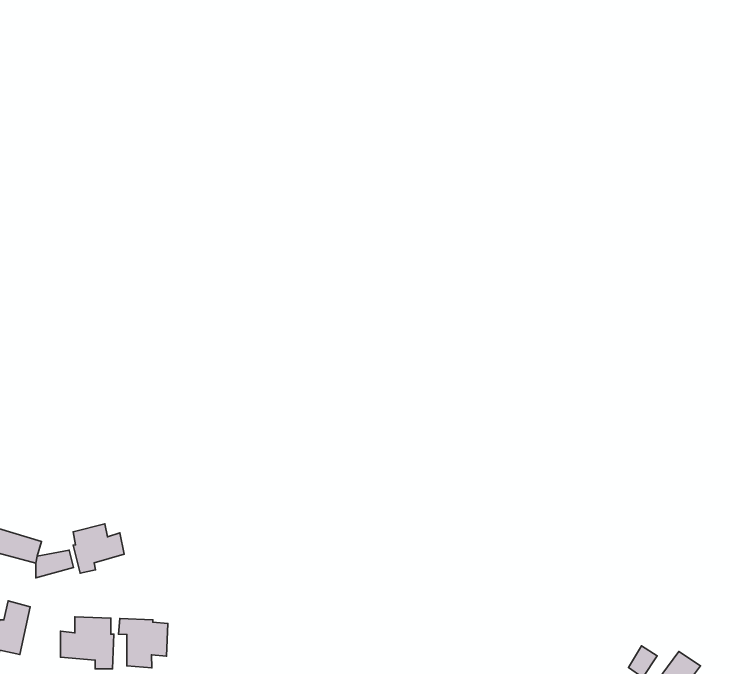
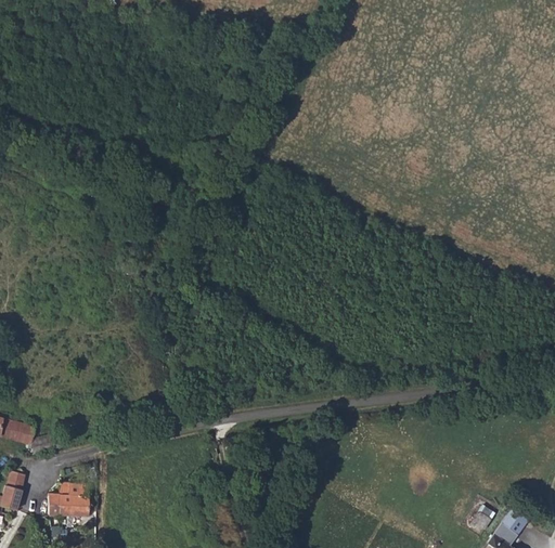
building: [73,524,124,573] -> none
building: [118,618,168,668] -> none

